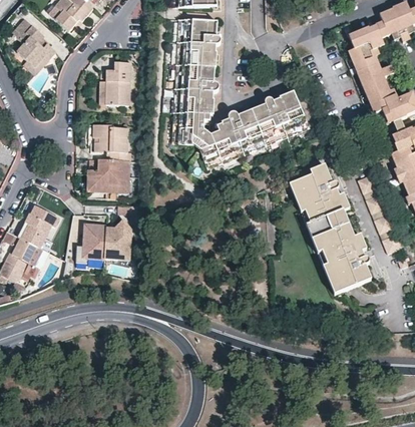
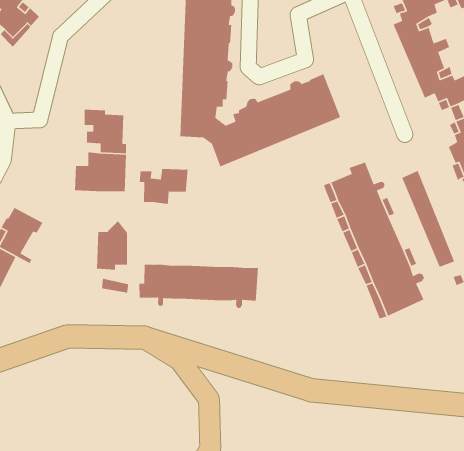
building: [107,59,131,102] -> none
building: none -> [139,168,189,205]
building: [76,223,105,263] -> none
building: none -> [138,264,259,309]

